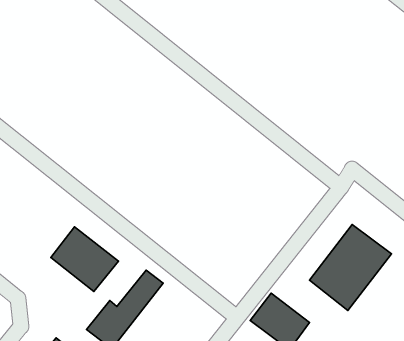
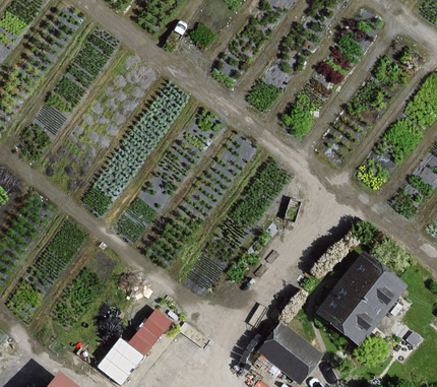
building: [51,227,118,292] -> none

